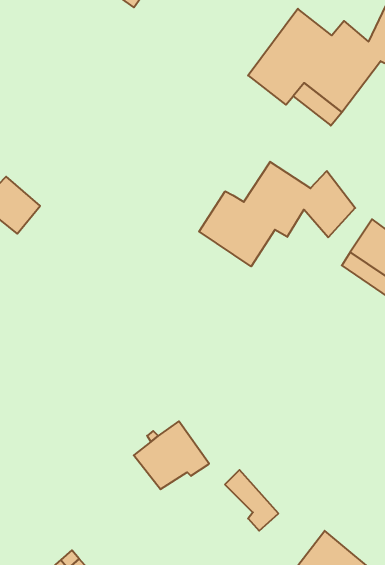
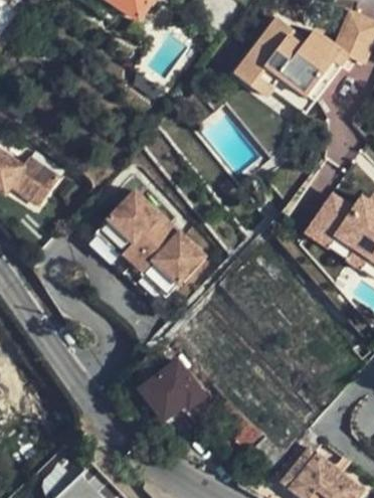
building: [199,162,355,266] -> none
building: none -> [90,189,206,305]

